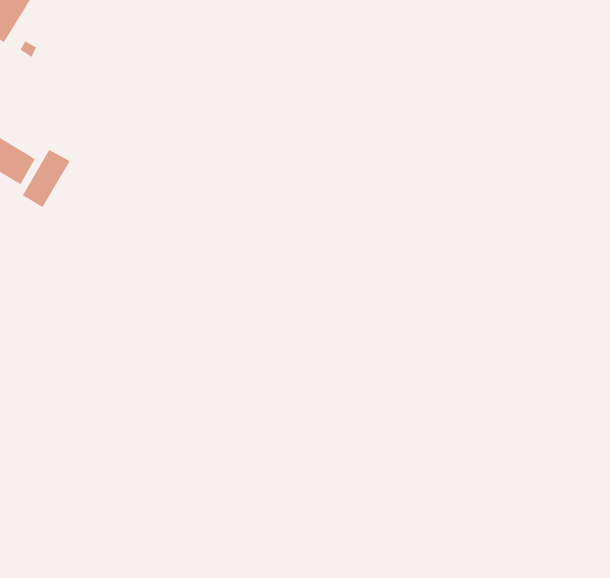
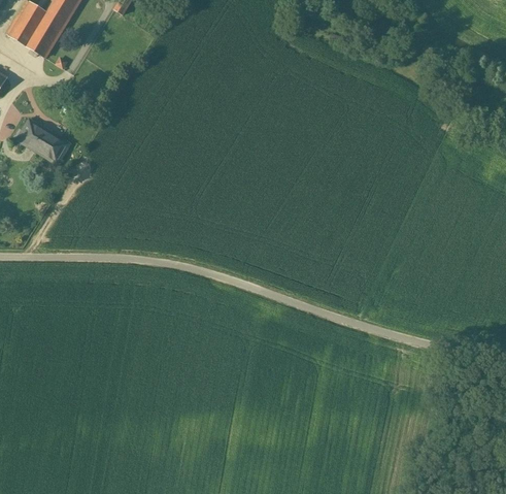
building: [22,149,71,208] -> none

